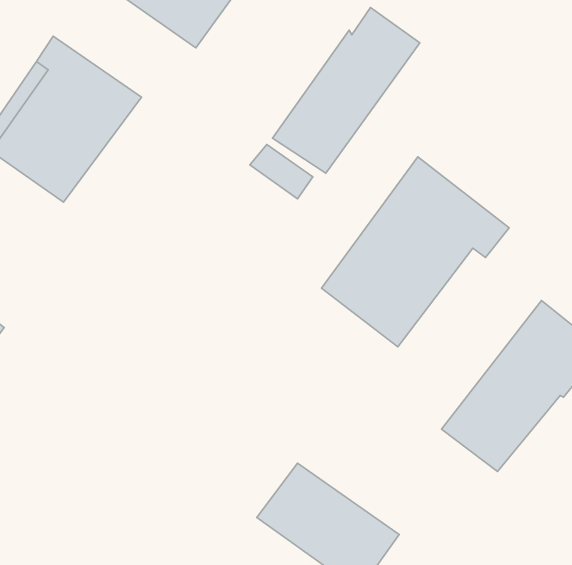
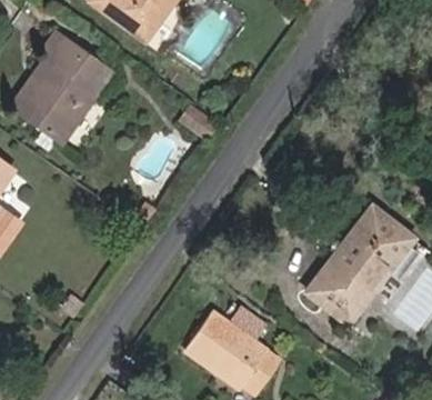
building: [273,8,420,173] -> none
building: [322,157,509,347] -> none

